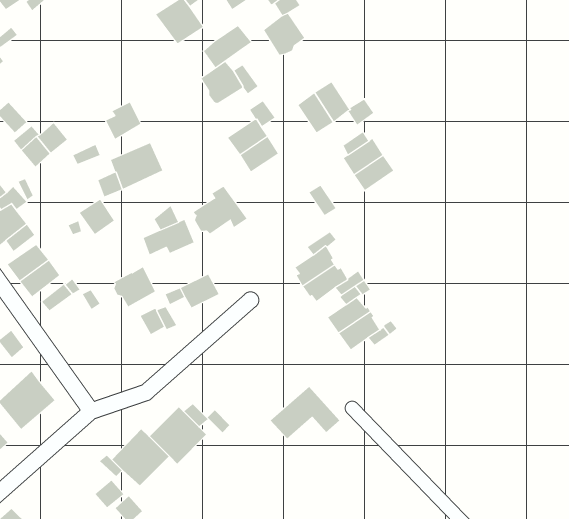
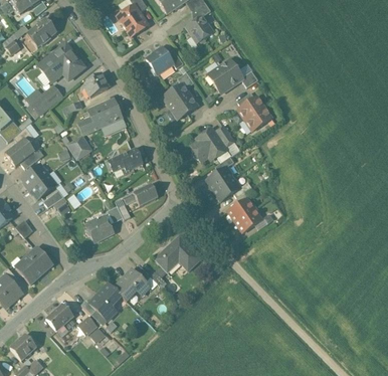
building: none -> [29,18,56,46]
building: [203,25,252,68] -> none
building: none -> [38,43,84,81]
building: [193,186,247,234] -> [190,129,225,160]
building: [114,267,156,307] -> [85,215,113,241]
building: [270,386,340,439] -> [155,236,200,270]
building: none -> [45,303,73,330]

